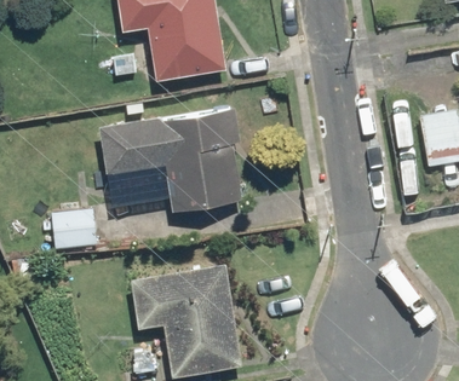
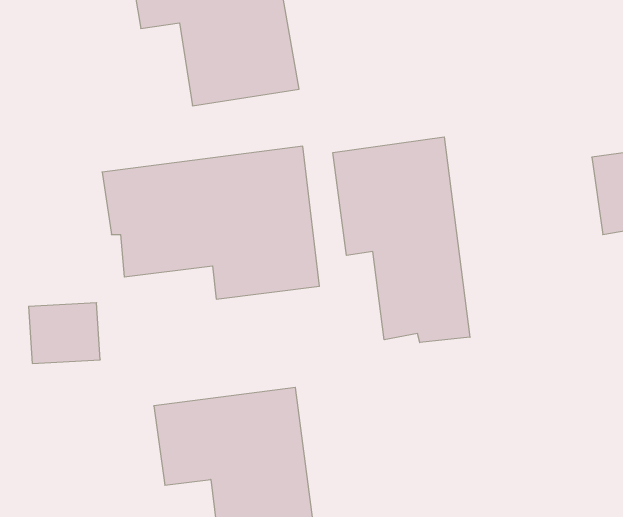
building: none -> [333,137,470,343]

